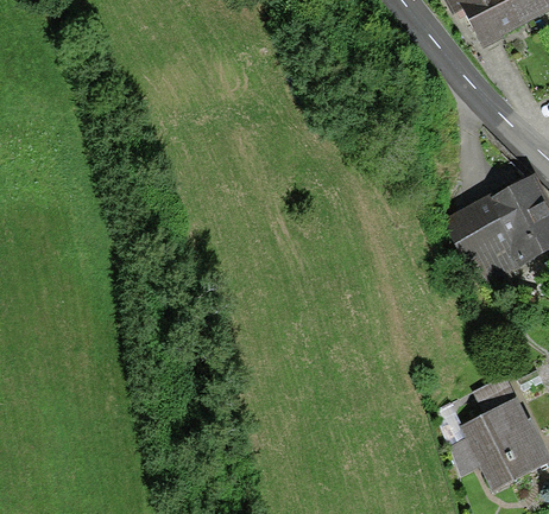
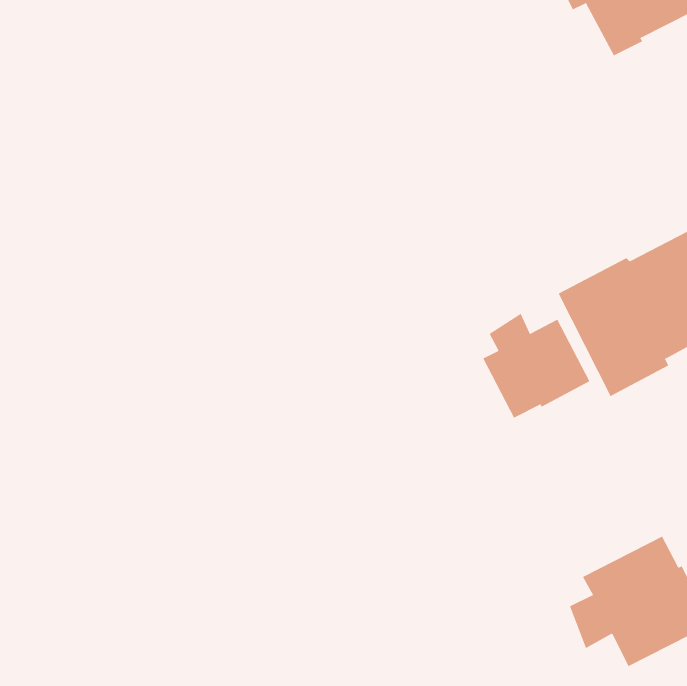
building: none -> [482,313,590,418]

